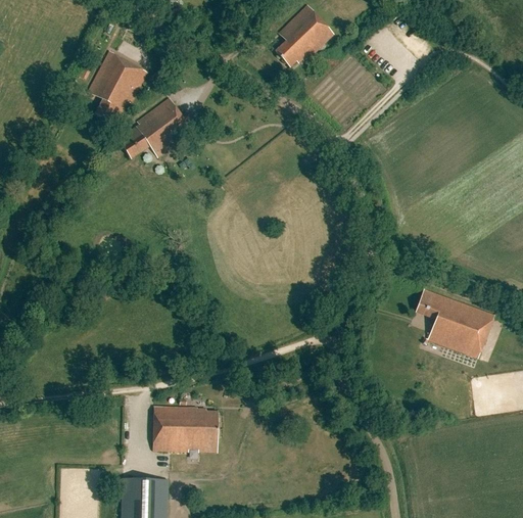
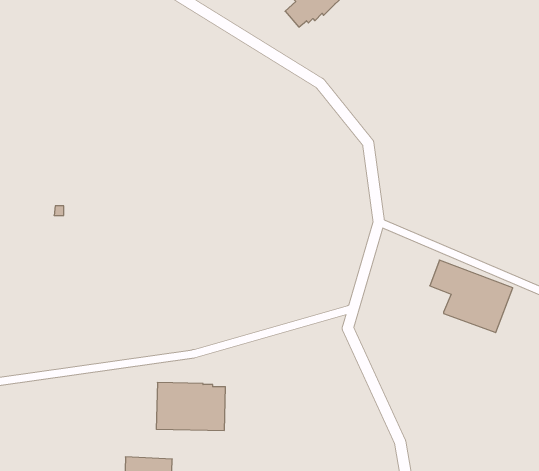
building: [88,51,147,125] -> none
building: [116,97,193,158] -> none

